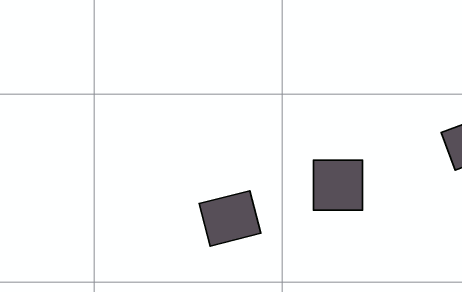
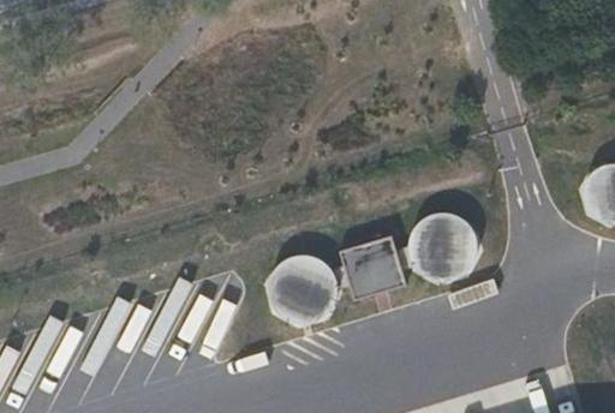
building: none -> [338,235,402,297]

